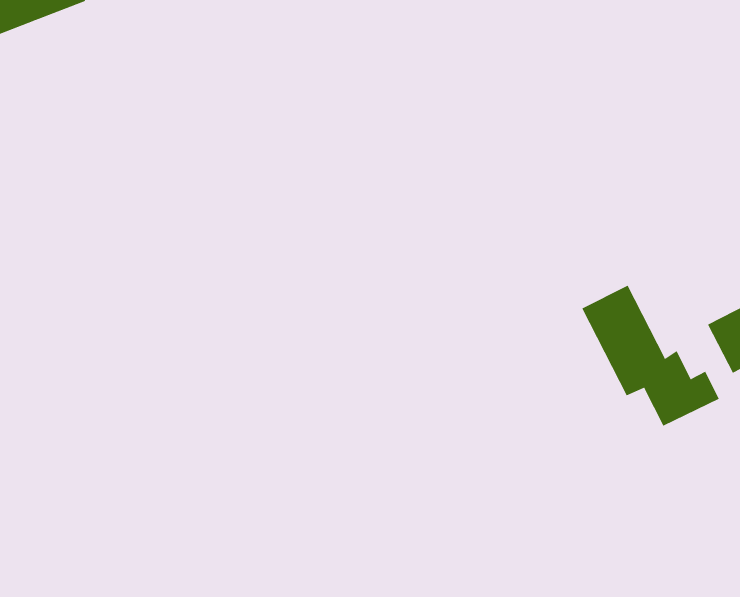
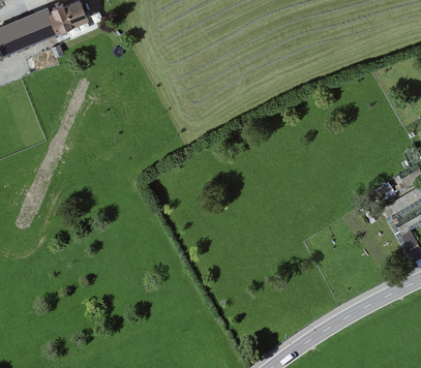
building: [581,285,719,427] -> none

